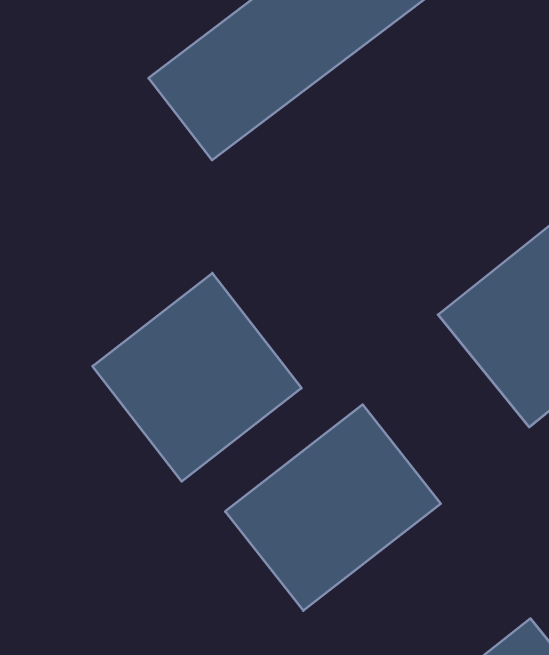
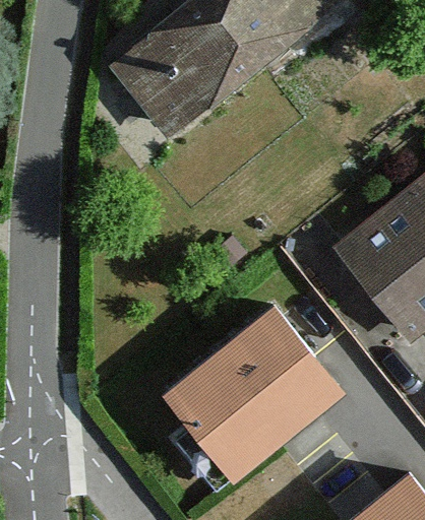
building: [93,273,301,481] -> none

